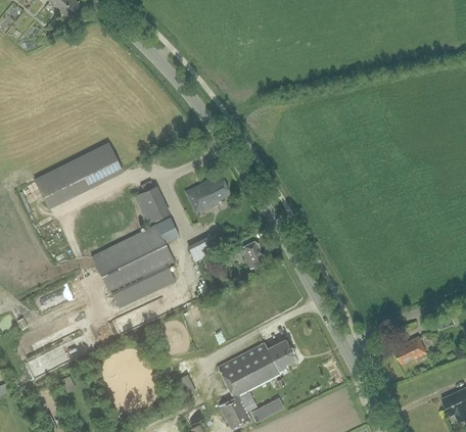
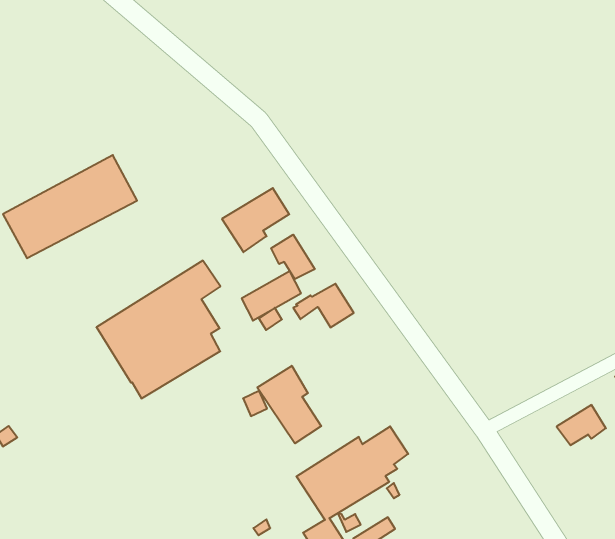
building: [137,185,174,224] -> none
building: none -> [271,235,315,279]
building: none -> [257,366,321,443]

